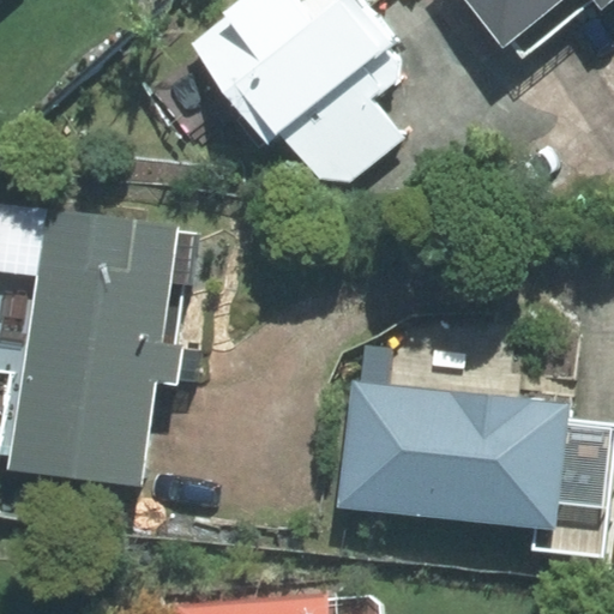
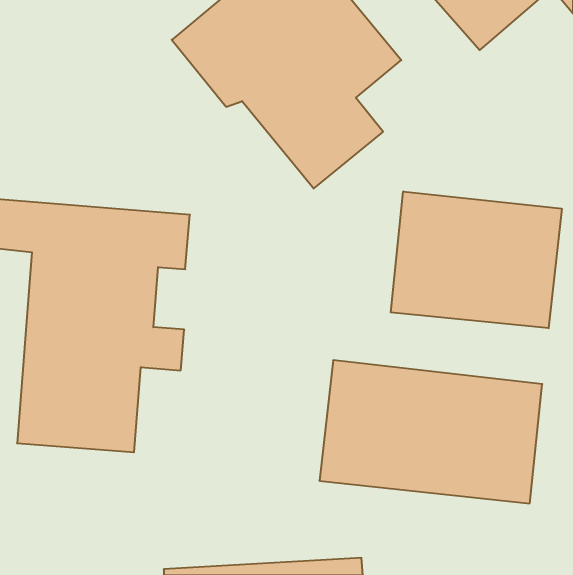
building: none -> [391,191,562,328]

